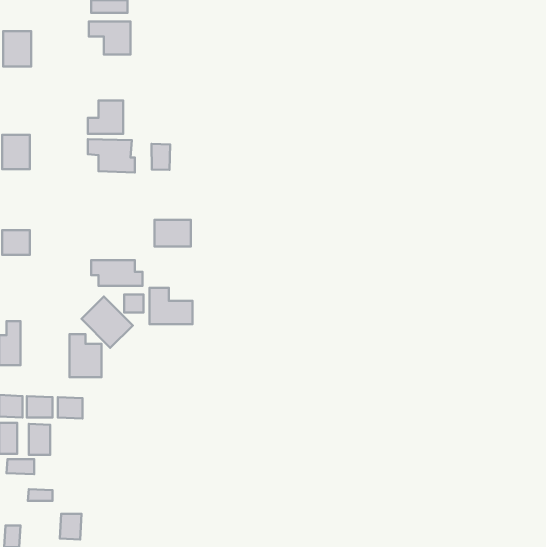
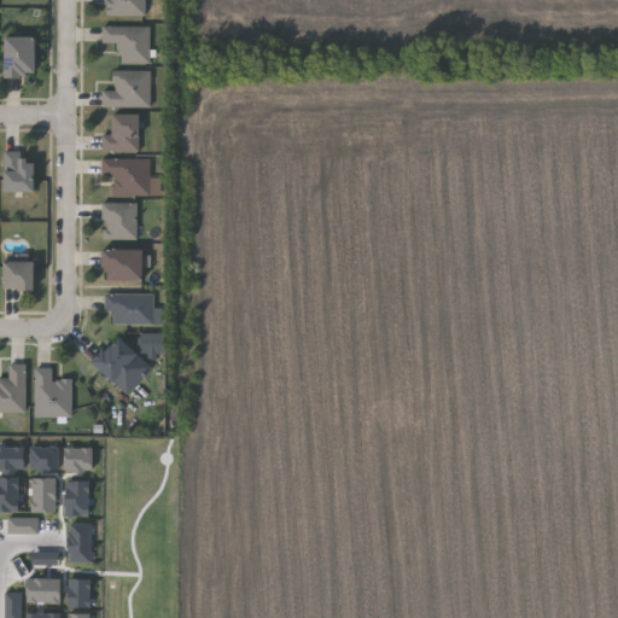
building: none -> [100,69,148,105]
building: [151,144,170,170] -> none
building: none -> [100,202,134,238]
building: [155,220,191,246] -> [101,249,142,279]
building: [149,288,192,324] -> none
building: [69,334,102,377] -> [33,367,69,415]
building: none -> [65,482,91,517]
building: none -> [69,523,93,564]
building: none -> [27,578,62,604]

